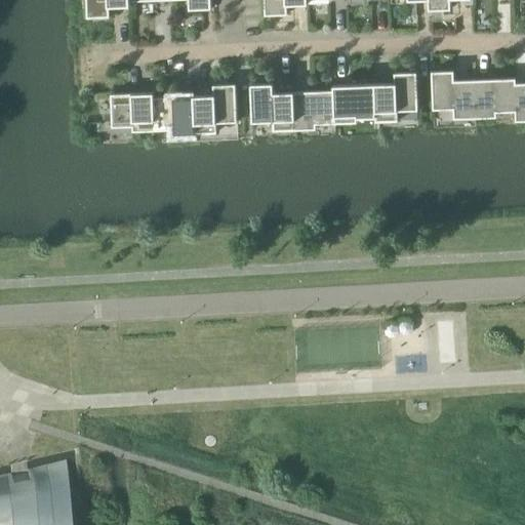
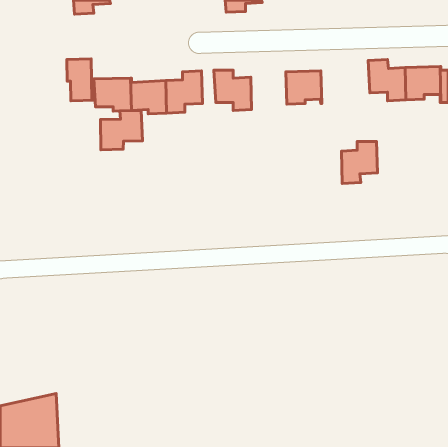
building: none -> [67,59,95,101]
building: [375,73,417,122] -> [341,141,377,183]
building: [293,85,335,129] -> none
building: none -> [100,110,143,150]

